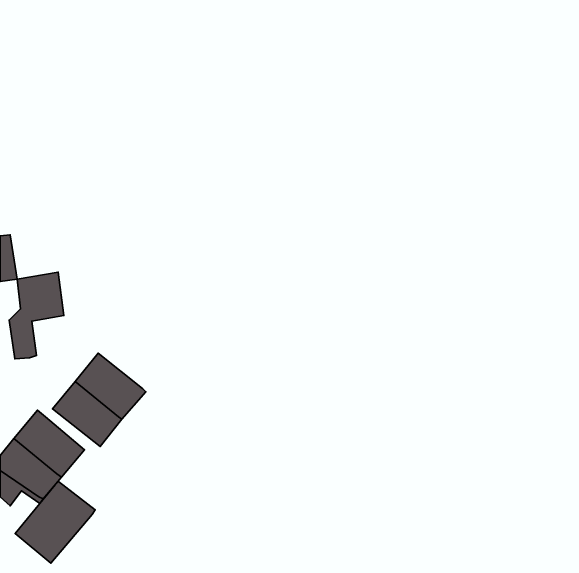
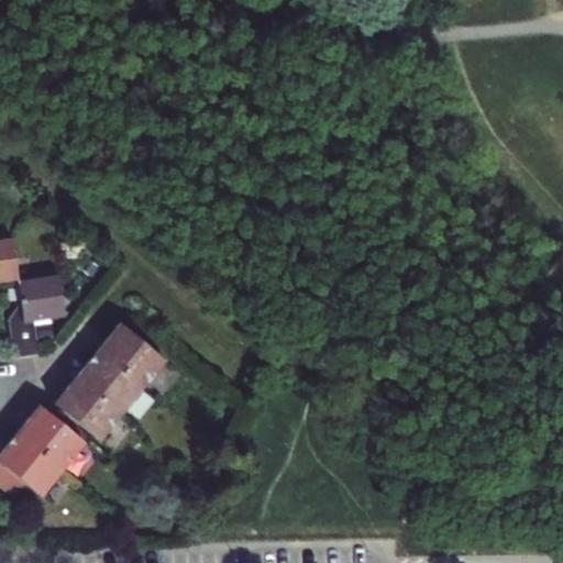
building: none -> [98,323,165,387]
building: [15,482,95,563] -> none

